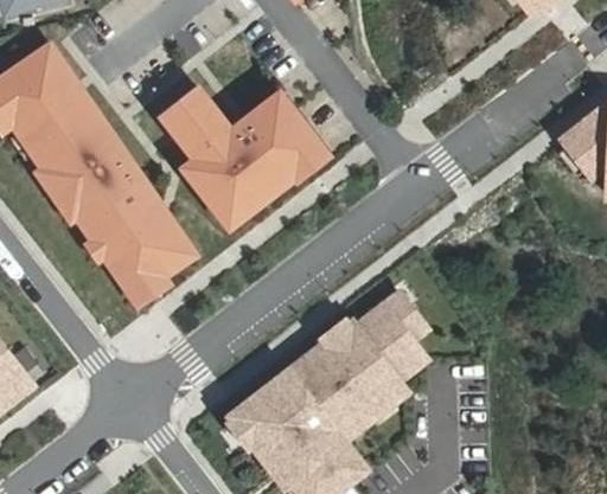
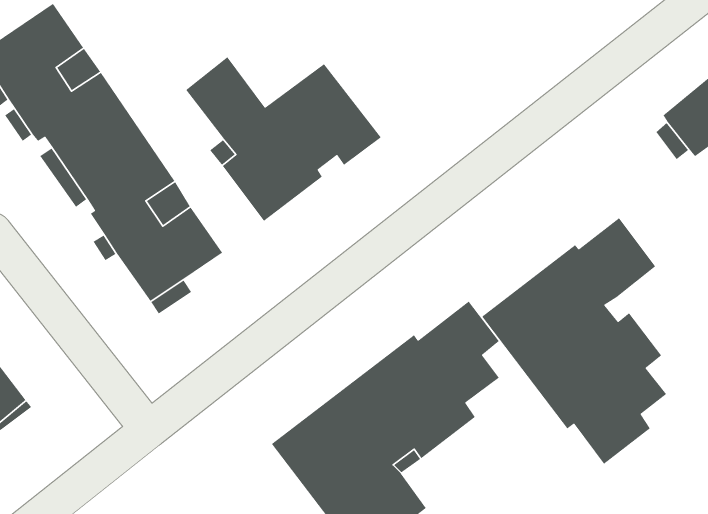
building: none -> [481,217,667,465]

